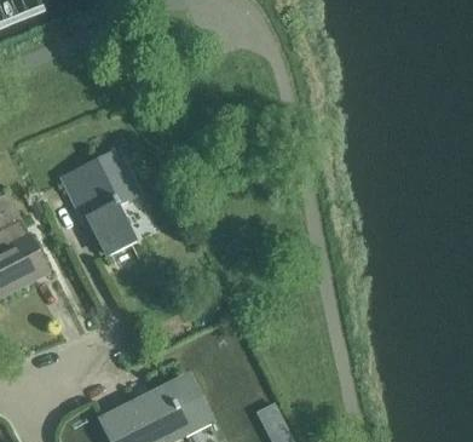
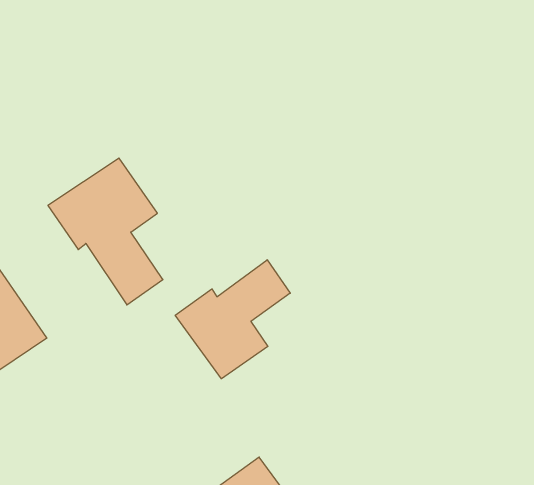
building: none -> [175,260,290,379]

